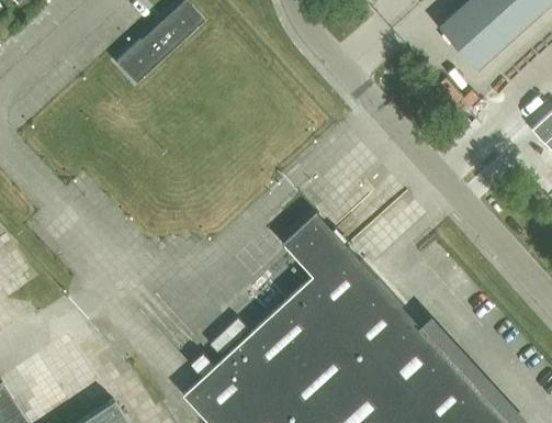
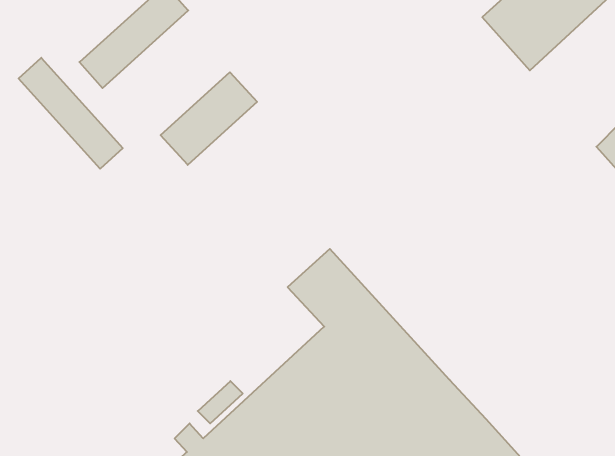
building: none -> [19,58,123,169]
building: none -> [161,72,257,165]

